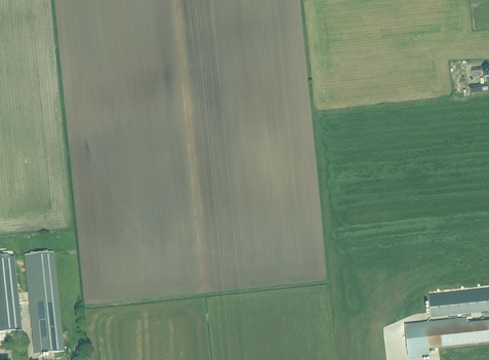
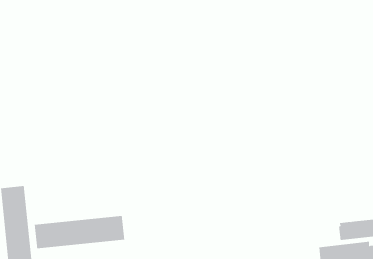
building: none -> [34,215,125,249]

